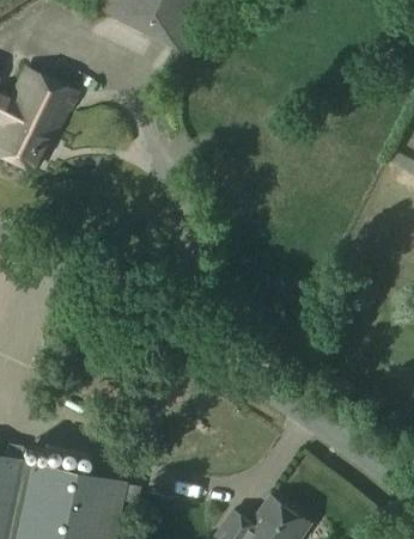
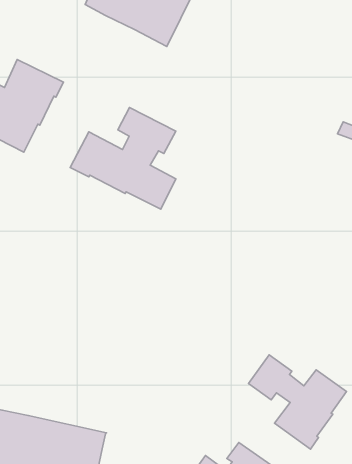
building: none -> [70,108,176,209]
building: none -> [249,355,347,449]

